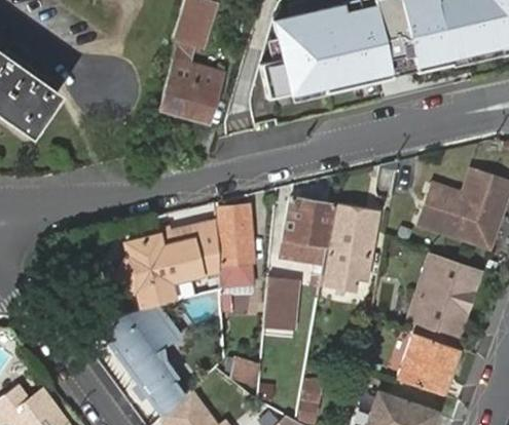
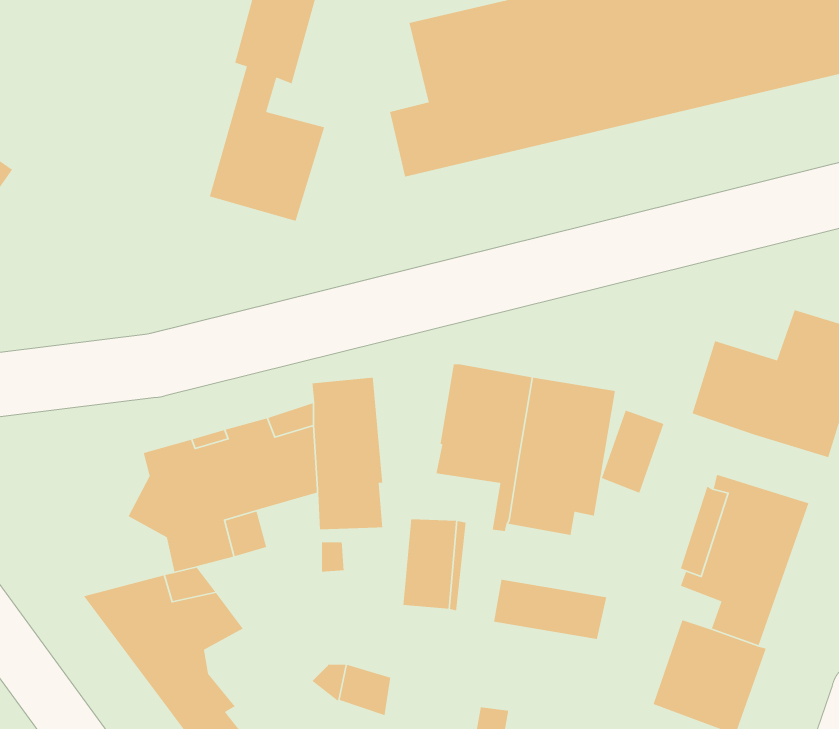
building: none -> [601,409,665,494]
building: none -> [493,579,607,640]

